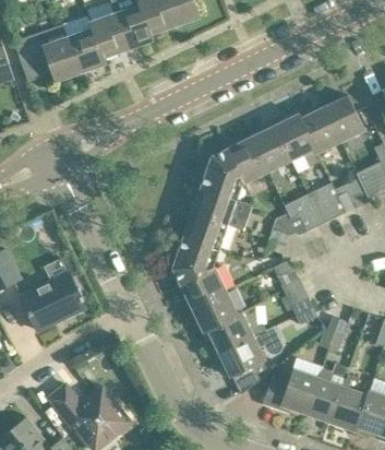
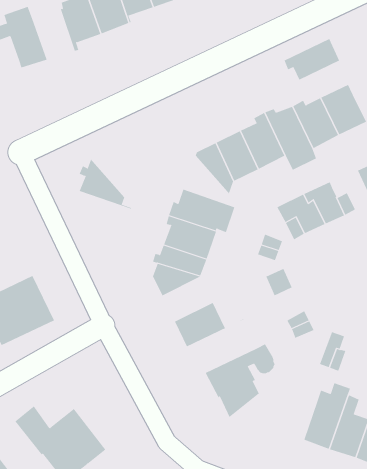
building: [65,27,103,73] -> none
building: none -> [284,38,340,81]
building: [200,159,248,205] -> [79,158,132,209]
building: [181,268,227,308] -> none
building: [203,306,265,354] -> none
building: [262,369,320,414] -> none

